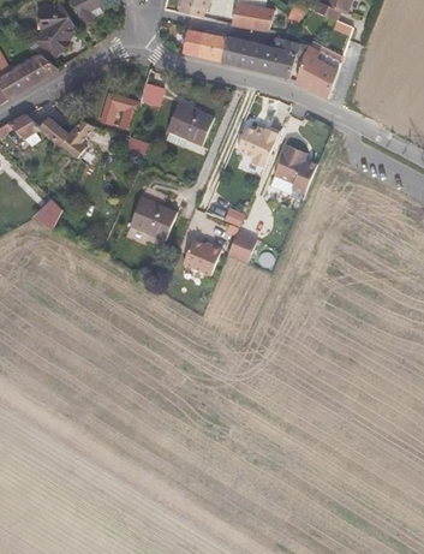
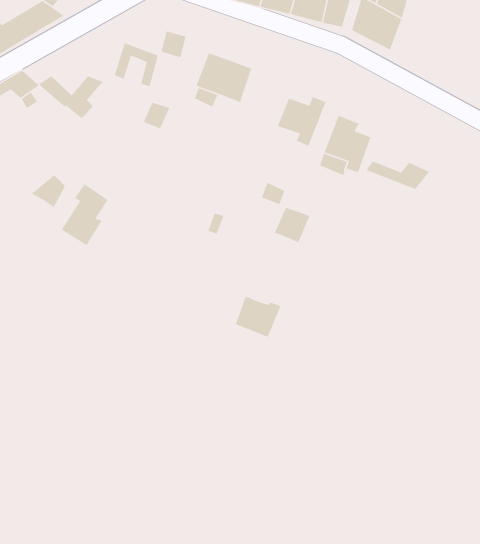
building: none -> [365,161,430,190]
building: [129,195,177,239] -> none
building: none -> [61,183,108,246]
building: [189,233,227,268] -> [235,296,281,338]

